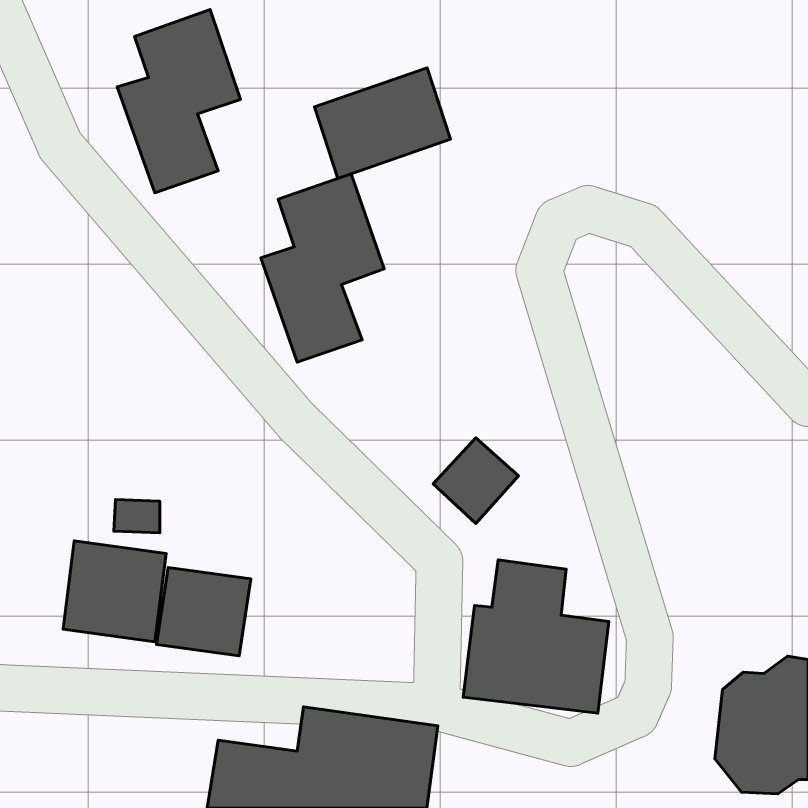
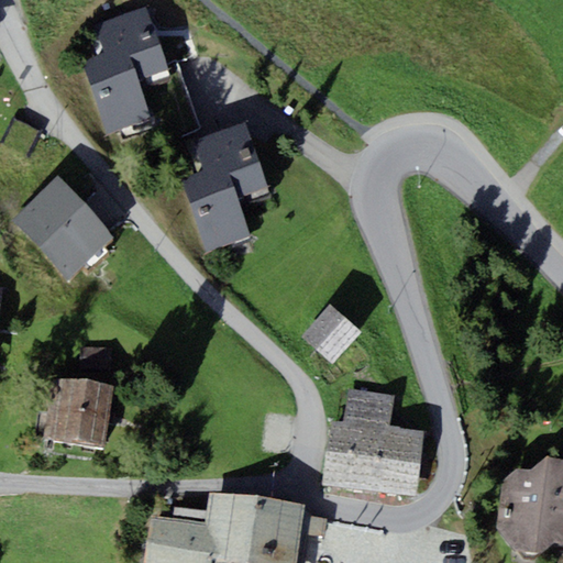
building: [314,68,450,178] -> none
building: none -> [11,176,113,279]
building: [157,567,251,656] -> none

